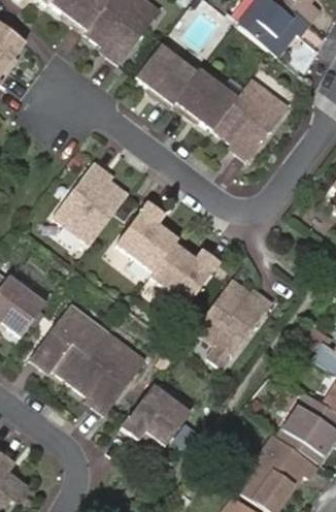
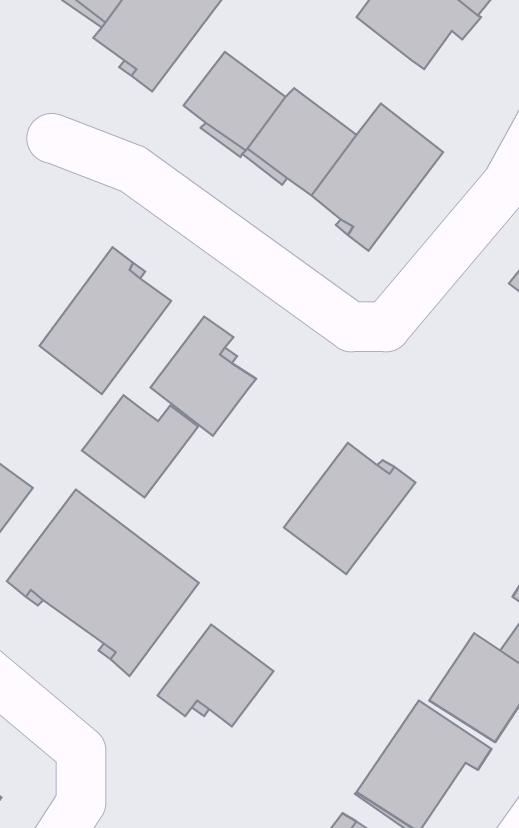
building: [149,245,219,306] -> [82,395,198,497]

